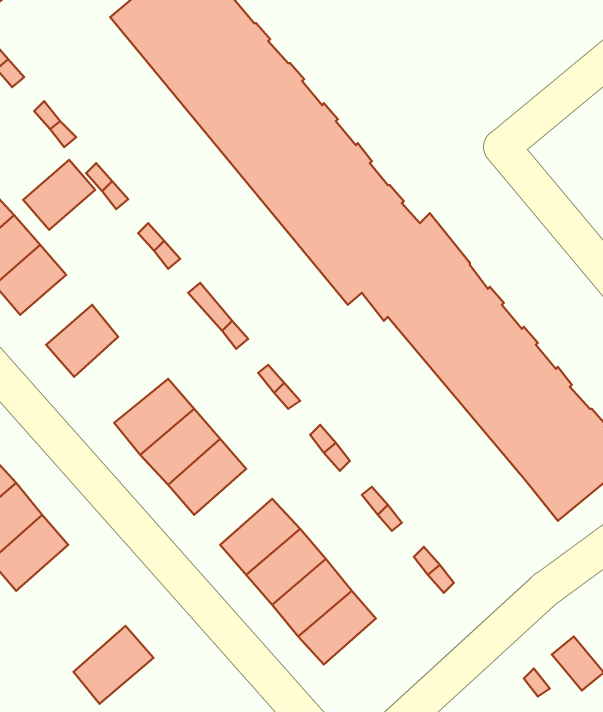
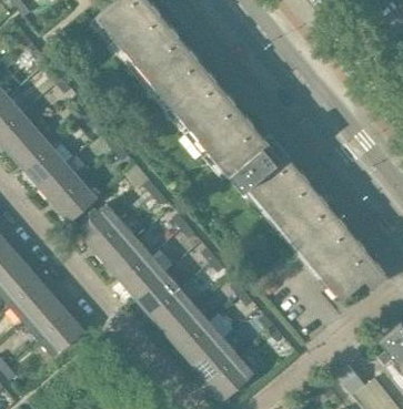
building: [23,160,95,230] -> [41,164,81,203]
building: none -> [78,204,123,246]
building: none -> [138,272,181,314]
building: none -> [210,355,254,398]
building: [73,626,153,704] -> [39,314,83,357]

